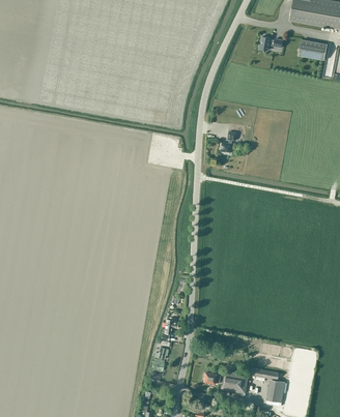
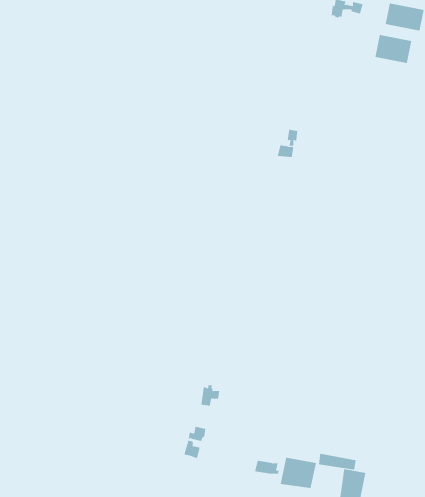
building: none -> [375,34,412,64]

